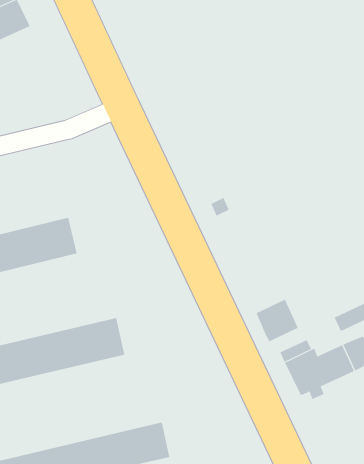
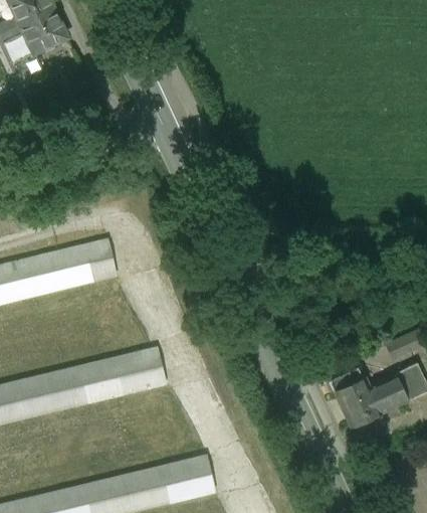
building: [256,299,299,342] -> none

